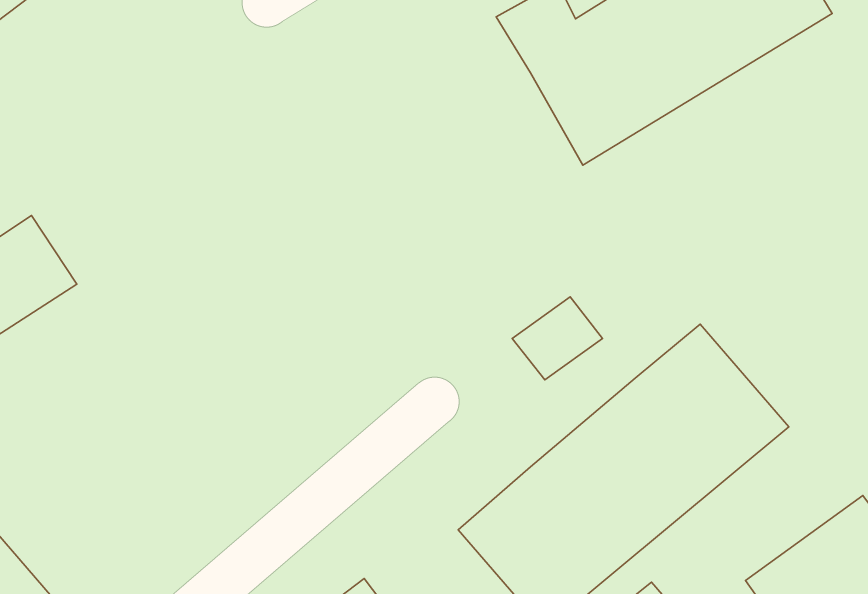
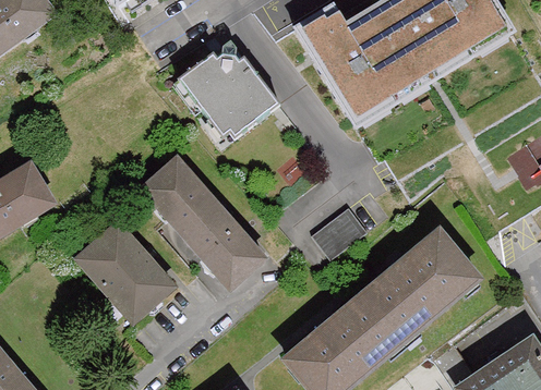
building: none -> [176,40,279,147]
building: none -> [141,154,268,289]
building: none -> [74,217,176,319]

